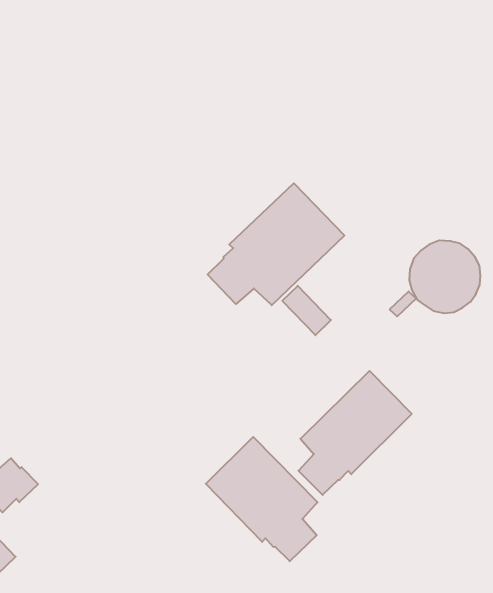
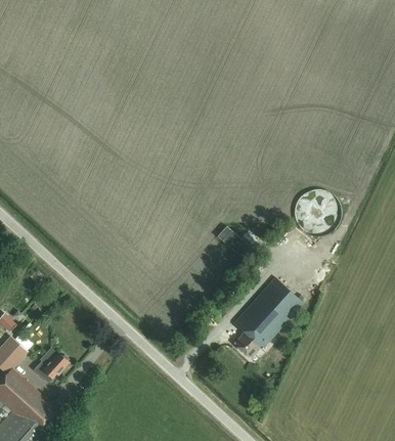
building: [208,183,344,305] -> none
building: [206,437,318,561] -> none

